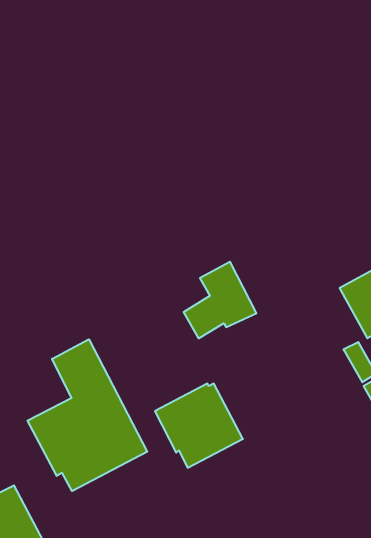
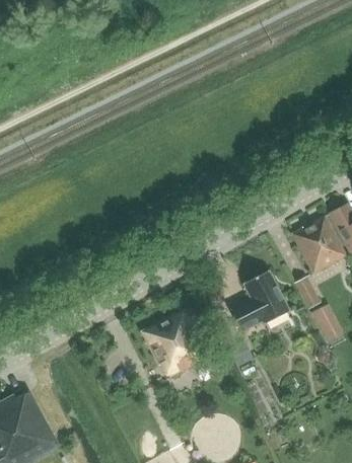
building: [184,262,256,338] -> [230,271,289,332]
building: [28,339,147,491] -> none

